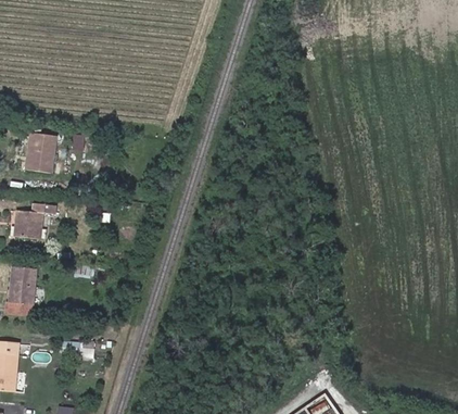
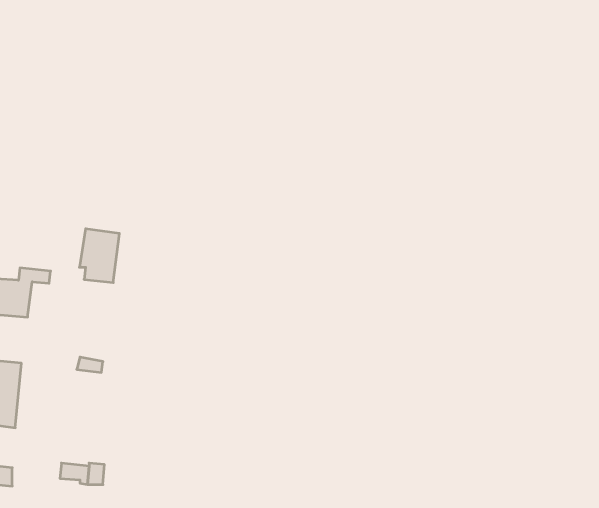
building: [26,133,54,171] -> [79,229,119,283]

